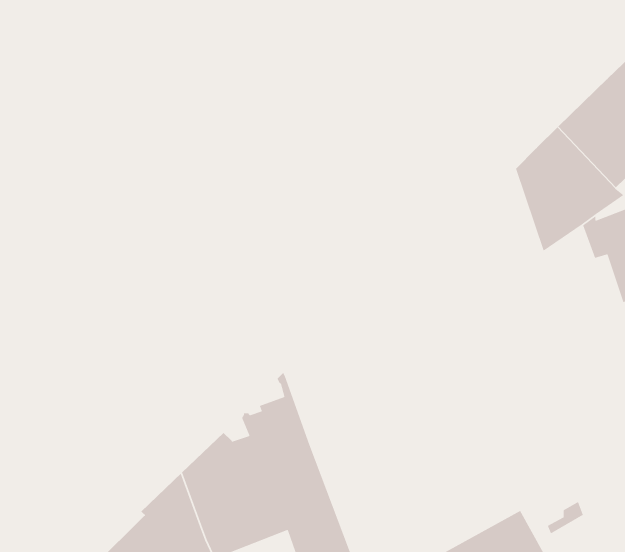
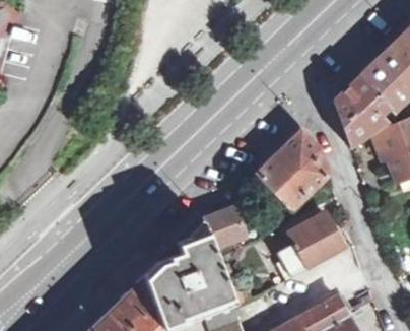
building: none -> [256,136,327,210]
building: none -> [201,205,248,260]
building: none -> [277,213,343,278]

